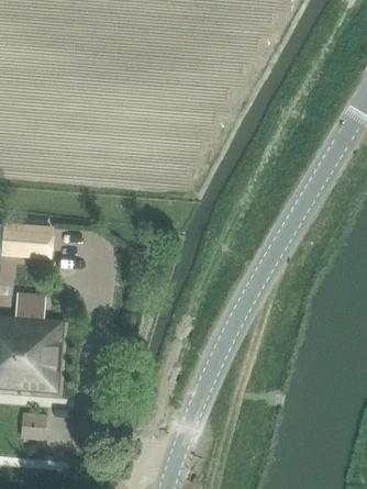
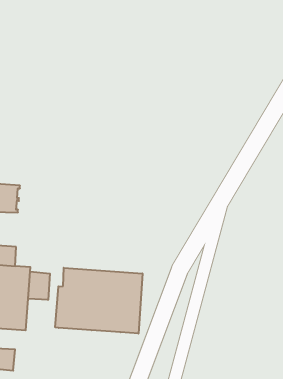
building: none -> [55,268,142,334]
building: none -> [28,272,50,300]

